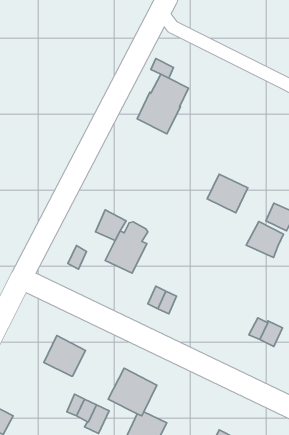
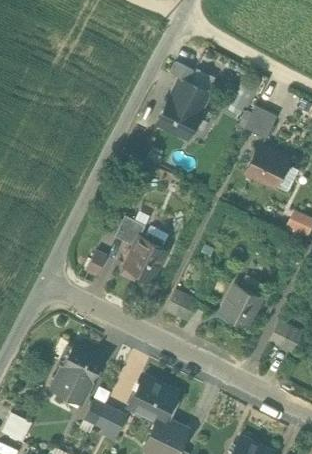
building: none -> [244,106,277,140]
building: [207,174,248,213] -> [246,147,287,186]
building: [246,222,283,258] -> none
building: none -> [221,284,262,327]
building: none -> [54,371,91,404]

